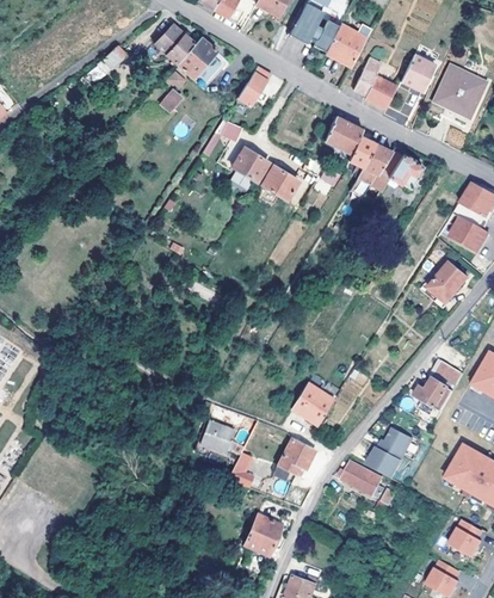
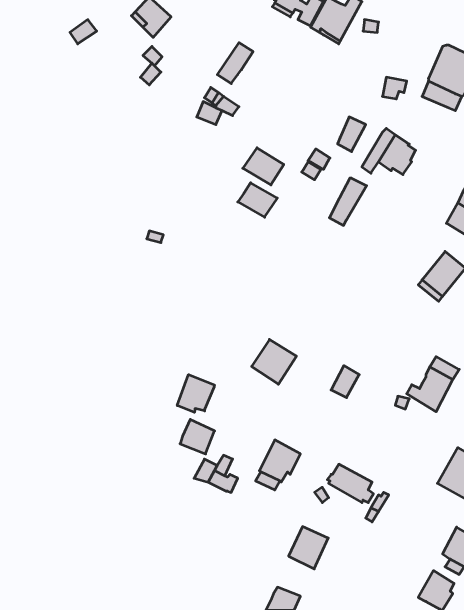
building: [177,37,224,87] -> none
building: [399,55,432,91] -> none
building: [352,58,394,109] -> none
building: [323,118,363,155] -> none
building: [356,143,390,187] -> [329,178,367,225]
building: [231,148,268,180] -> [238,183,277,217]
building: none -> [177,375,214,412]
building: [291,384,333,426] -> [252,339,296,384]
building: [366,427,414,479] -> none
building: [242,513,279,553] -> [289,527,328,569]

